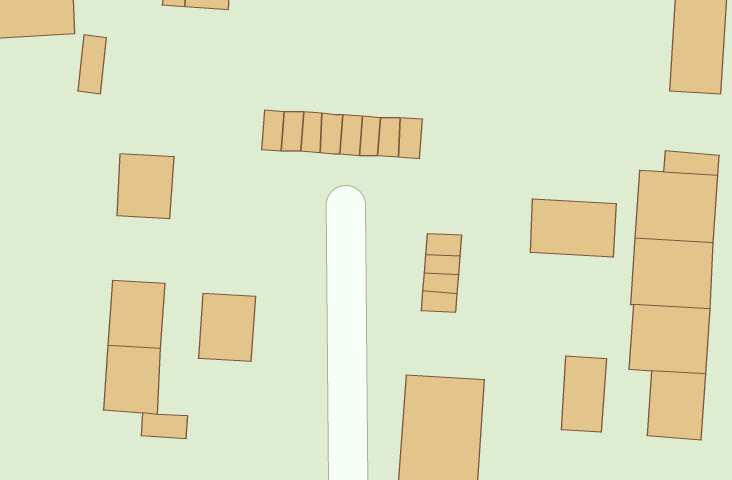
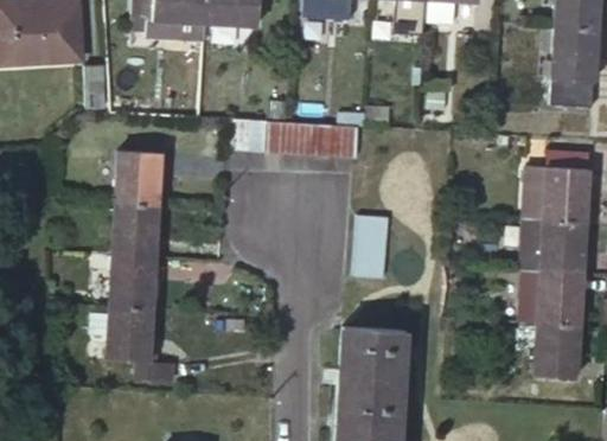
building: [531,199,616,257] -> none
building: [198,294,256,361] -> [114,203,159,256]
building: [561,356,606,432] -> none

